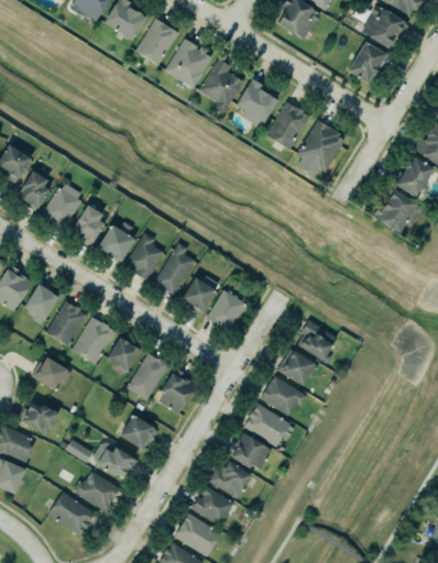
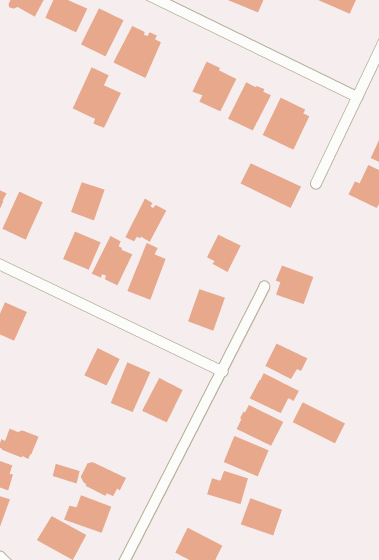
building: [347,41,388,84] -> none
building: [194,51,242,110] -> [72,67,122,129]
building: none -> [240,163,302,209]
building: none -> [125,197,167,243]
building: [73,206,108,244] -> [70,182,105,221]
building: [180,277,215,314] -> [206,234,241,273]
building: [45,299,85,344] -> none
building: [73,317,116,364] -> none
building: [299,321,338,361] -> [275,265,314,305]
building: [30,356,70,391] -> none
building: none -> [292,402,346,444]
building: [116,415,155,449] -> none
building: [193,487,234,526] -> [240,498,283,536]

